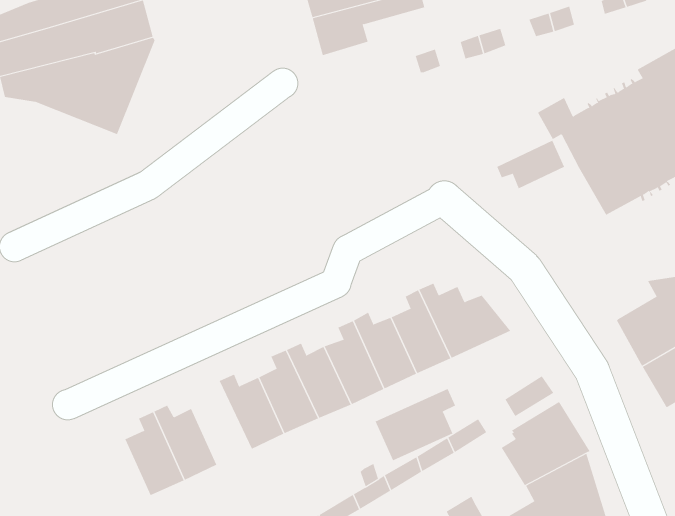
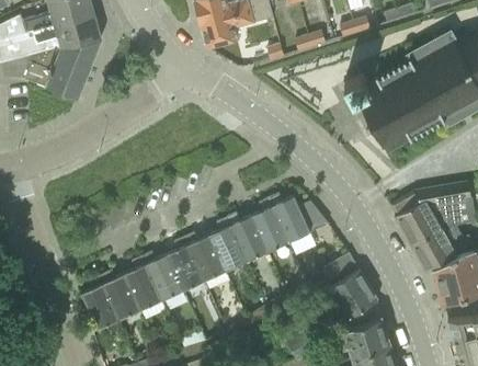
building: [497,140,565,189] -> none
building: none -> [124,255,162,309]
building: [375,388,456,461] -> none

